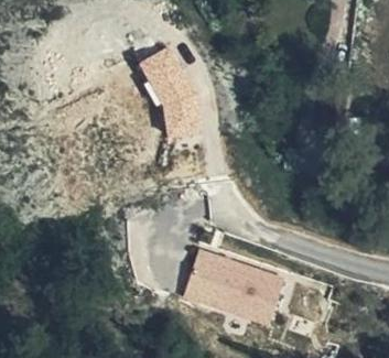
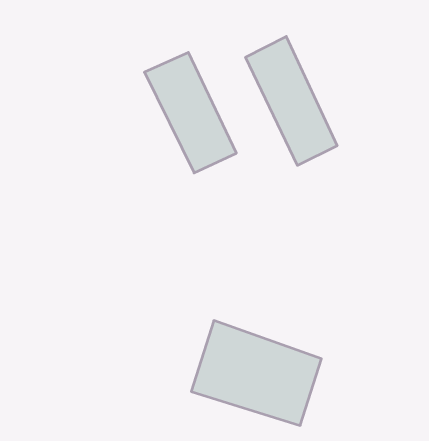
building: none -> [246,36,337,165]

